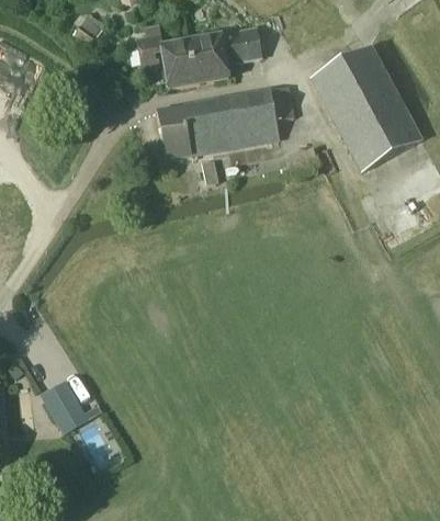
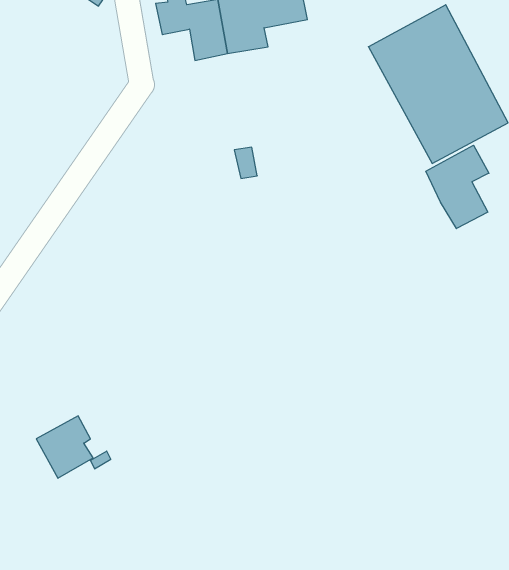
building: [157,86,294,158] -> none
building: none -> [426,145,489,229]

